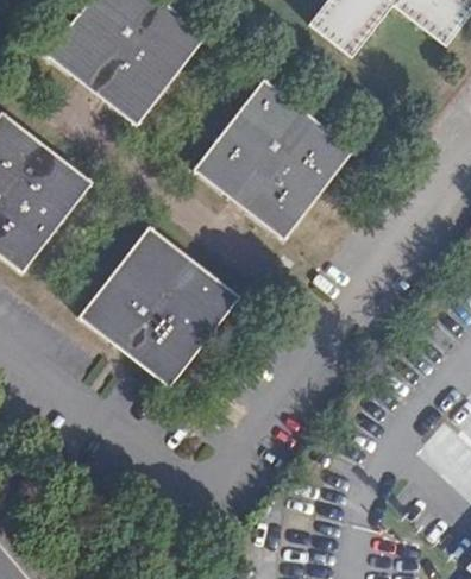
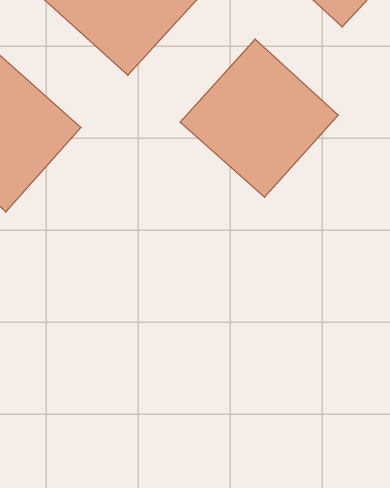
building: [80,225,241,385] -> none

